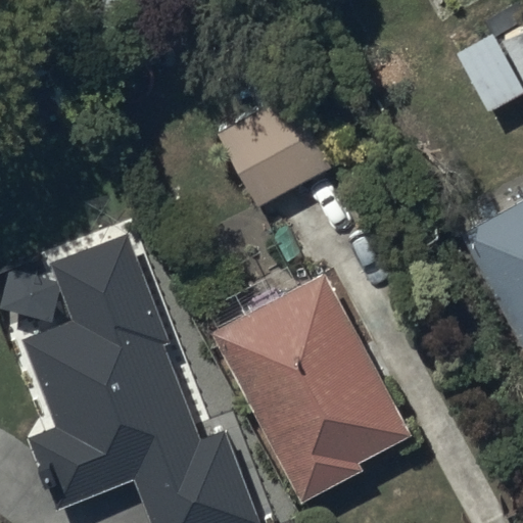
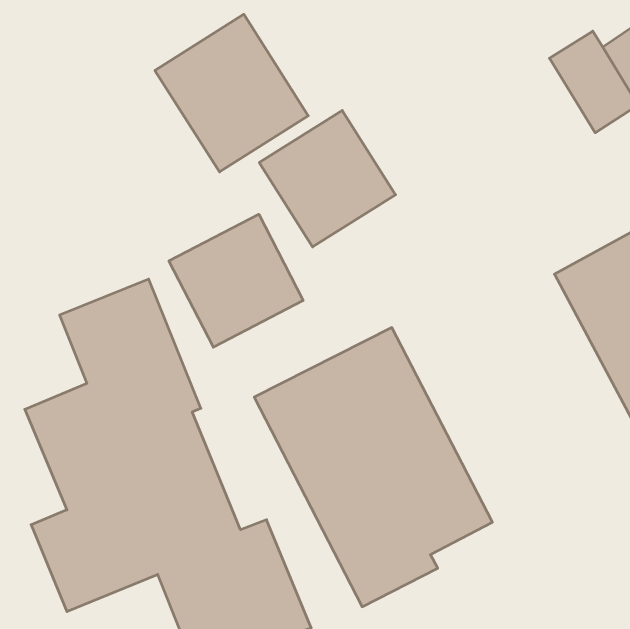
building: none -> [155,14,308,172]
building: none -> [169,214,303,347]

